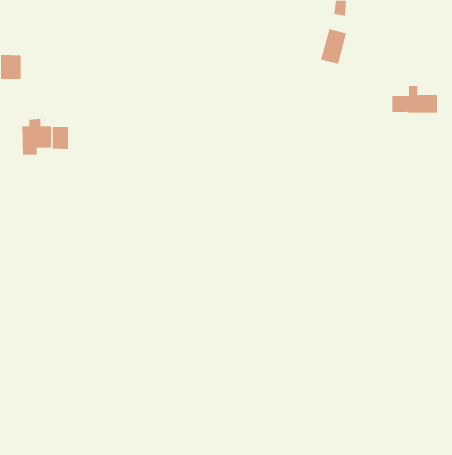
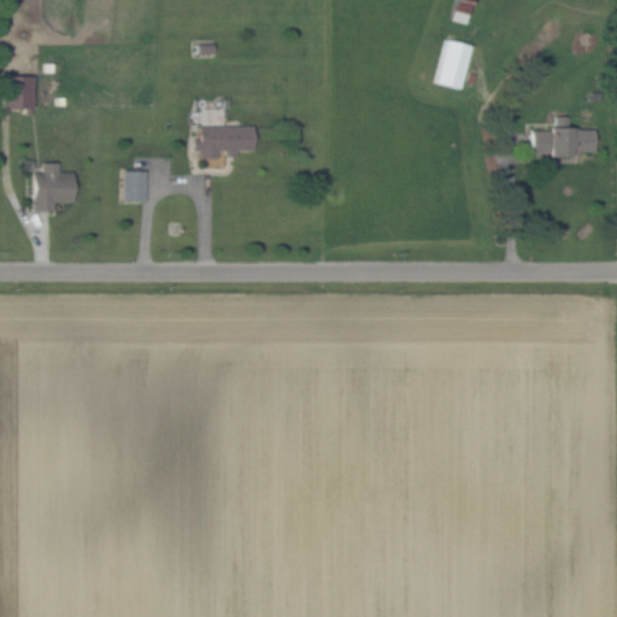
building: none -> [198,125,255,158]
building: [52,126,69,150] -> [125,170,148,201]

